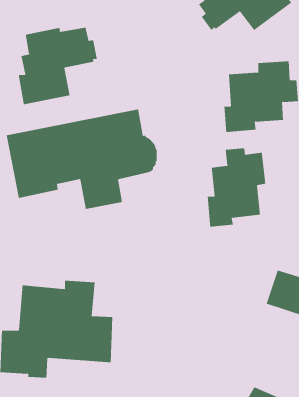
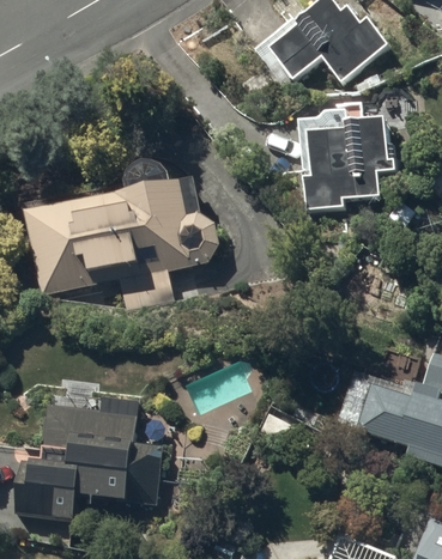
building: [18,27,98,105] -> none
building: [207,148,266,227] -> none

